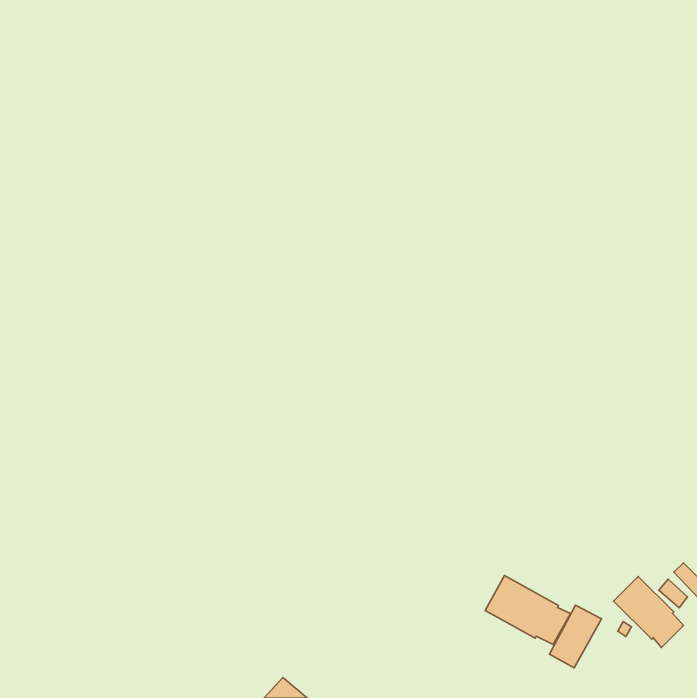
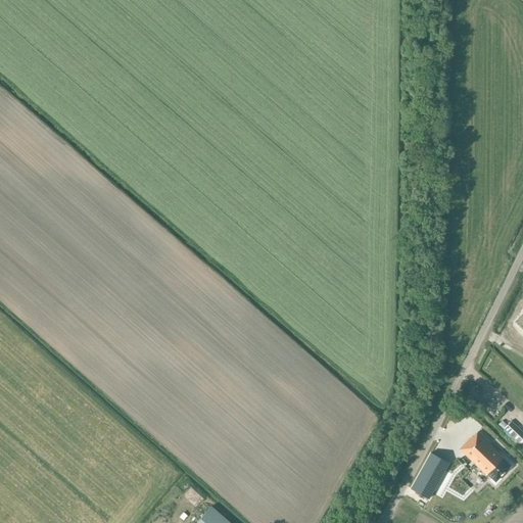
building: [485,576,570,644] -> none

